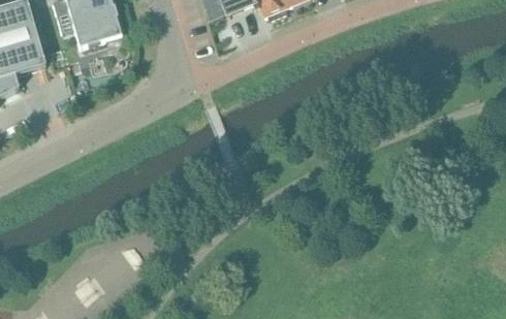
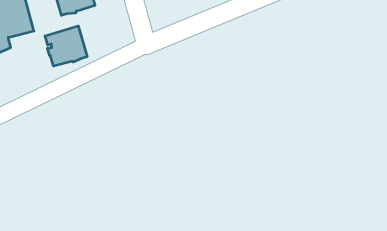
building: none -> [45,26,87,66]

